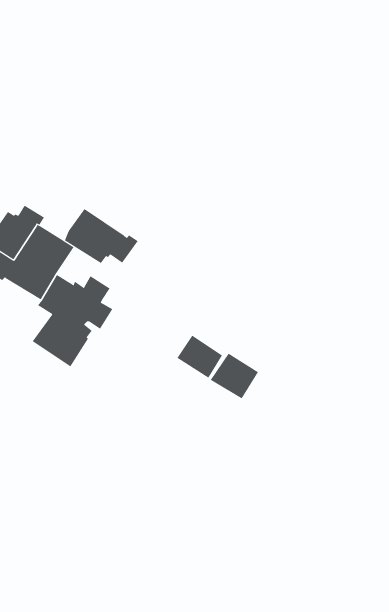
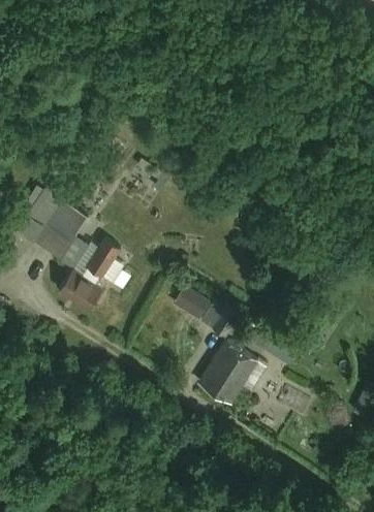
building: [64,208,138,264] -> none
building: none -> [198,338,267,403]

